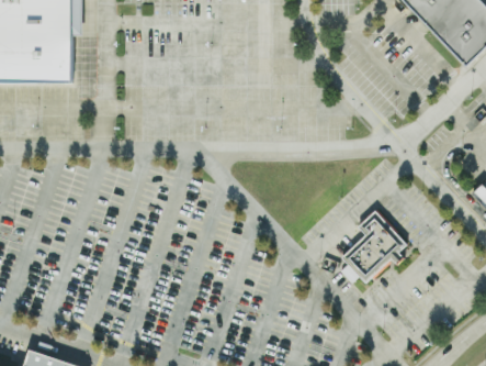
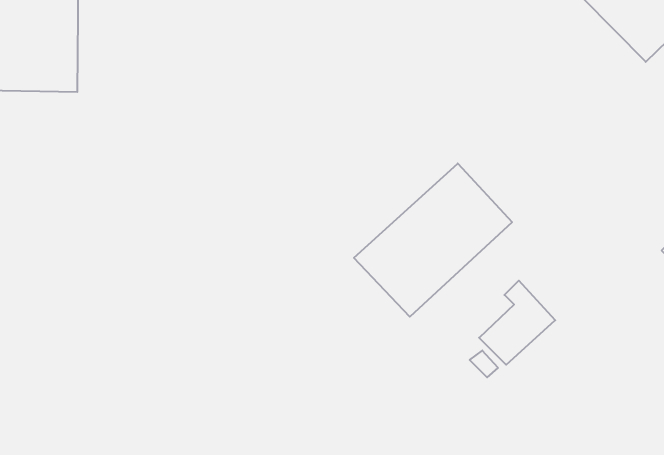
building: none -> [354,163,512,317]

